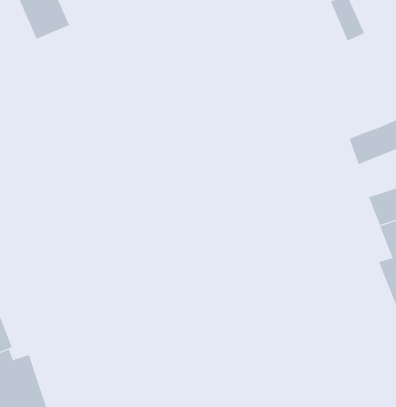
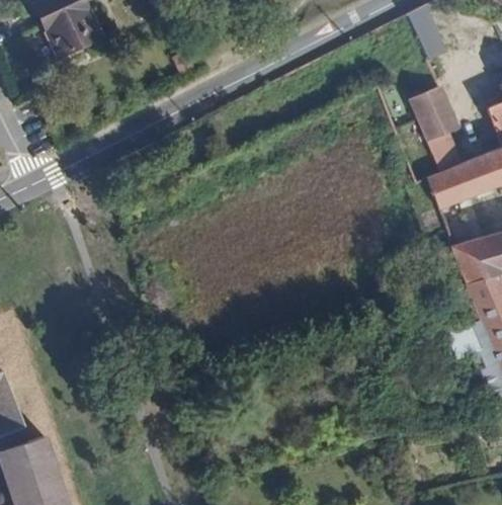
building: none -> [412,85,466,171]

